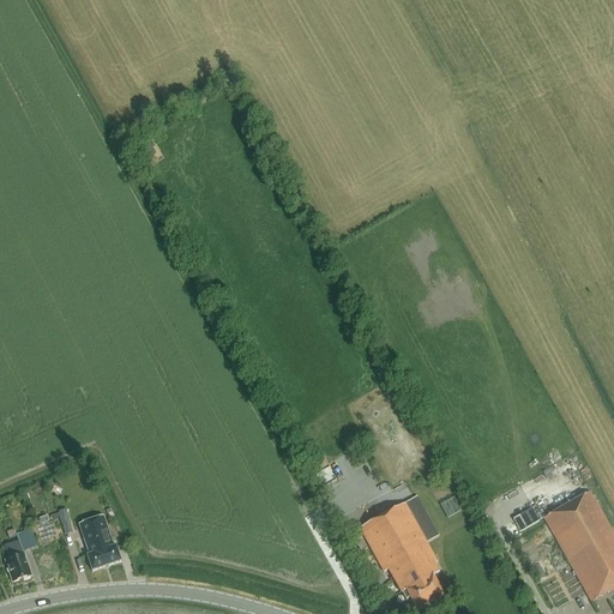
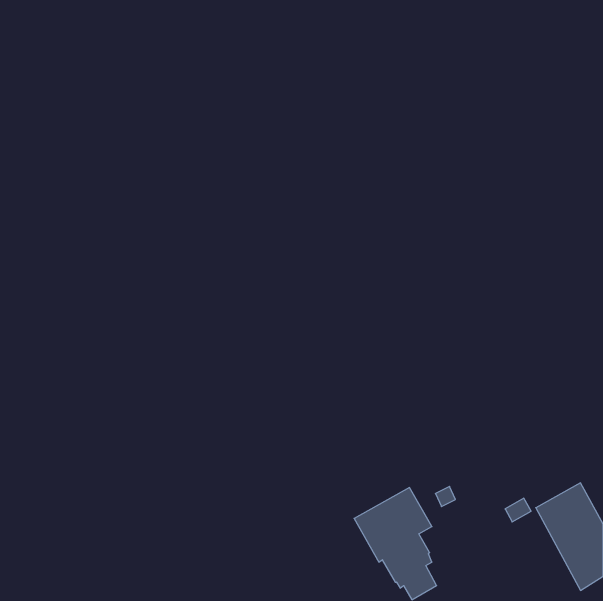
building: [80,514,122,570] -> none
building: [6,526,38,580] -> none

